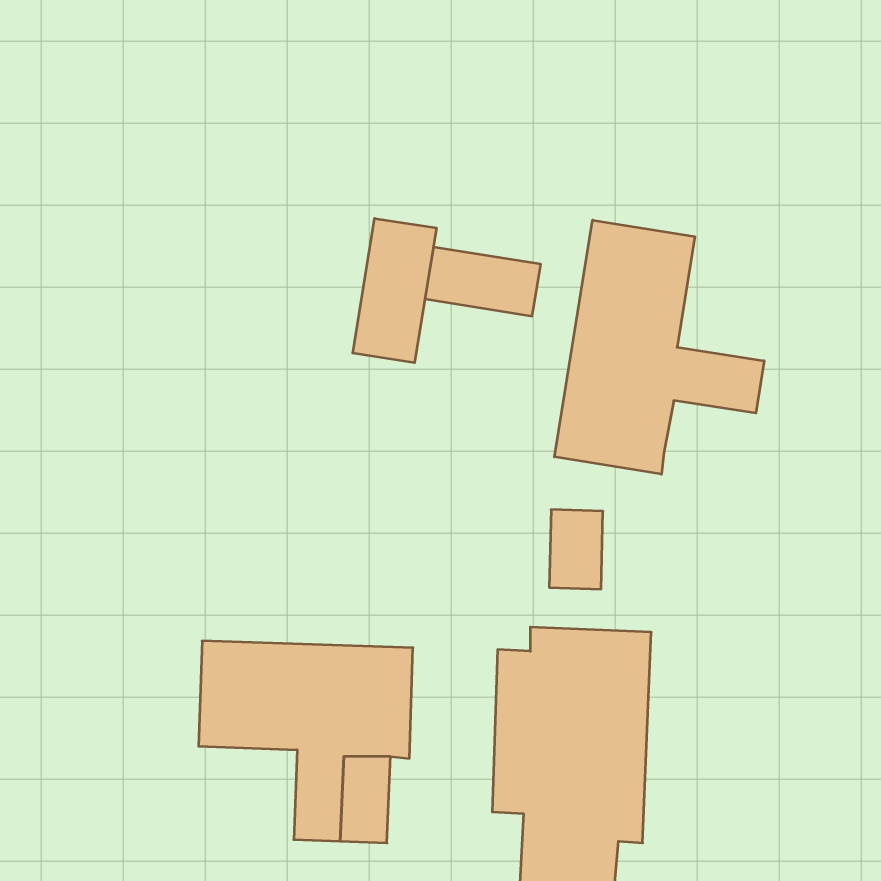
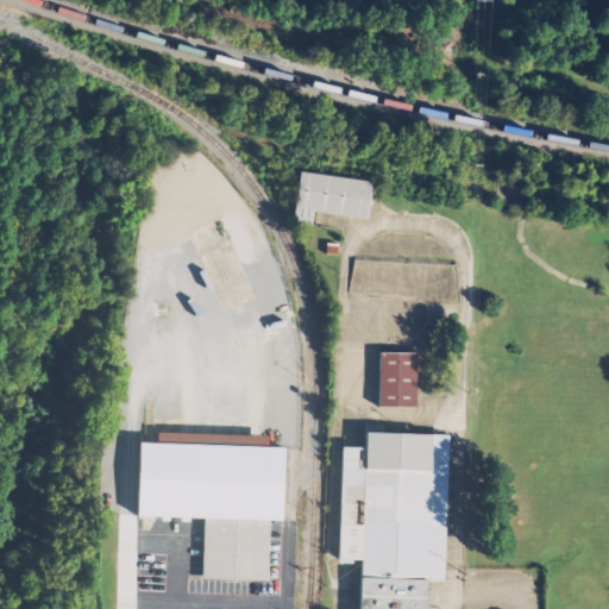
building: [353,218,436,363] -> none
building: [554,220,764,474] -> none

